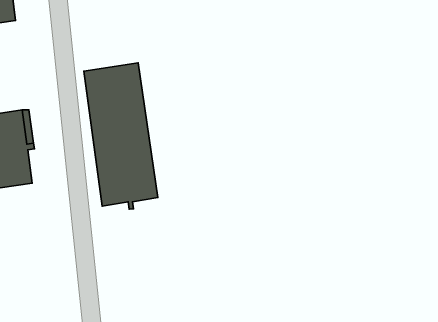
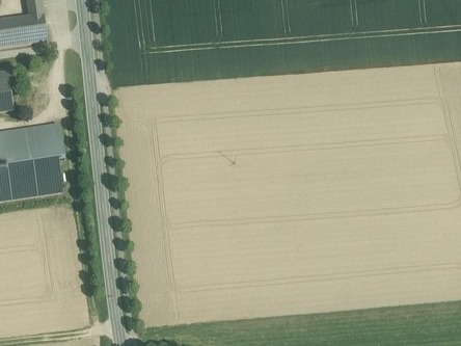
building: [84,63,158,209] -> none

